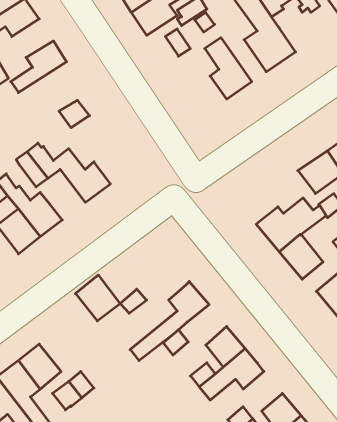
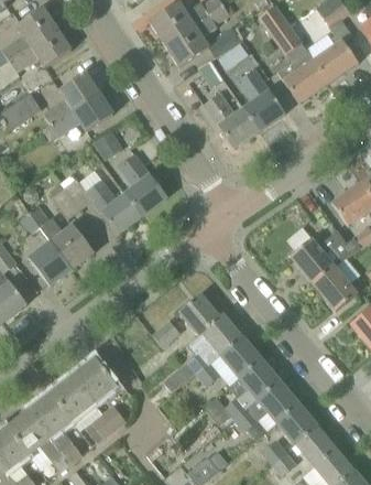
building: none -> [313,39,358,83]
building: none -> [51,93,113,137]
building: none -> [204,93,260,148]
building: none -> [119,153,167,215]
building: none -> [179,294,219,334]
building: [75,275,120,321] -> [72,357,117,403]
building: none -> [220,336,260,377]
building: none -> [276,403,316,443]

